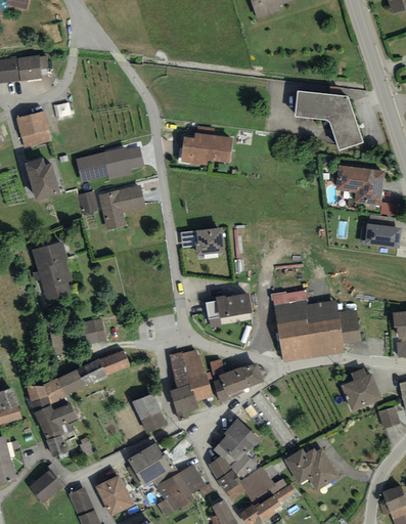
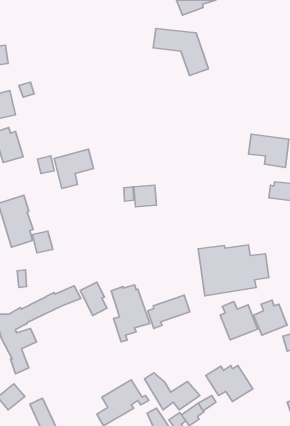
building: [295,90,362,147] -> [153,29,209,76]
building: [180,132,232,165] -> none
building: [77,143,145,181] -> none
building: [205,292,254,329] -> none
building: [82,319,106,346] -> [33,231,53,253]
building: none -> [220,301,257,340]
building: [132,392,165,433] -> [80,282,107,316]
building: [212,418,261,477] -> none
building: [128,441,172,485] -> none
building: [96,474,133,516] -> none

